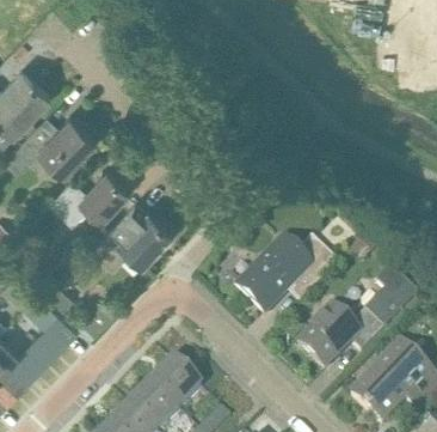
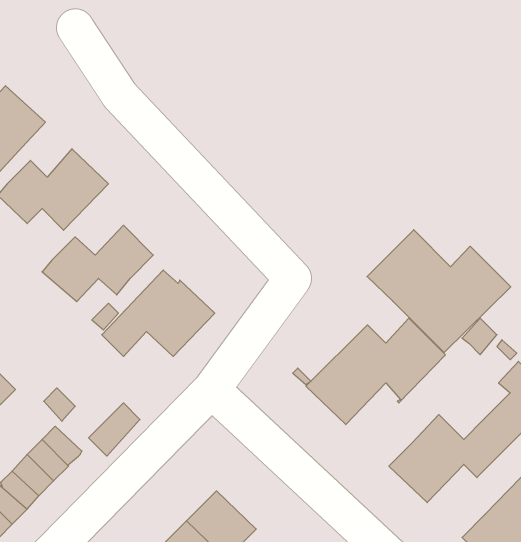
building: none -> [367,230,511,352]

